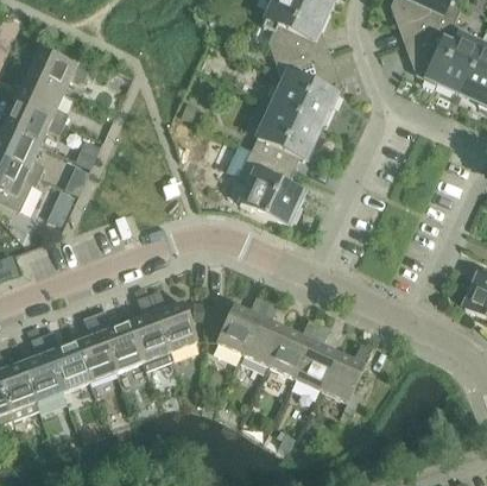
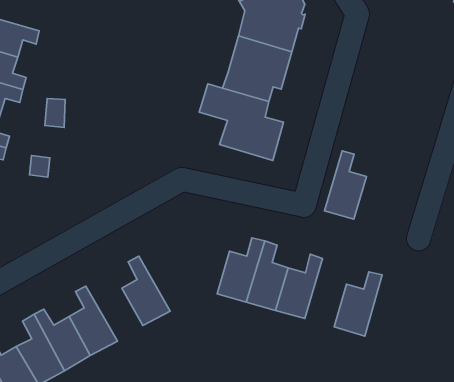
building: [148,291,197,352] -> none
building: [95,311,143,372] -> none
building: [295,324,339,390] -> [325,151,366,219]

